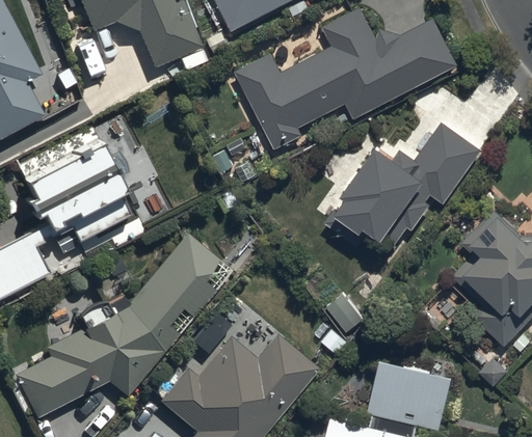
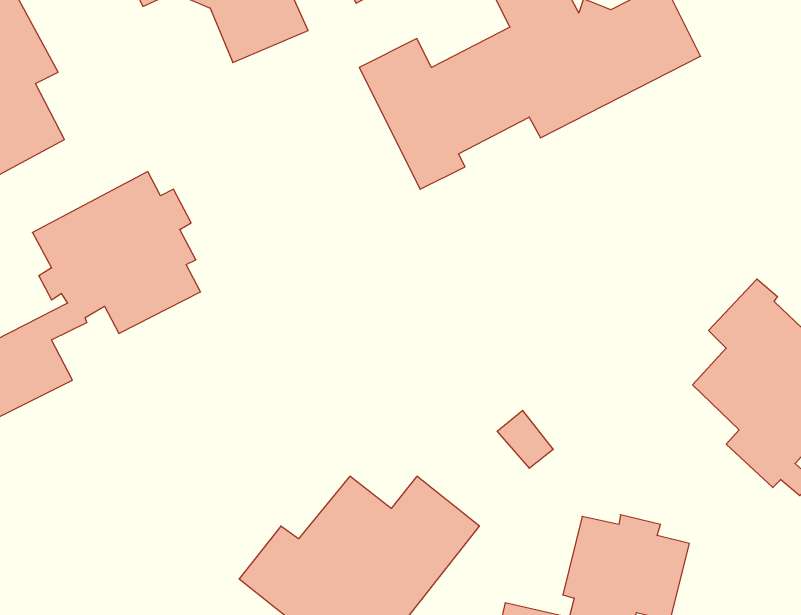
building: [326,122,481,245] -> none
building: [15,234,234,418] -> none

